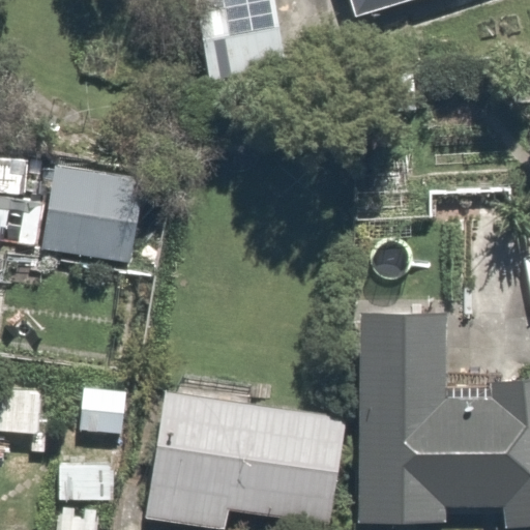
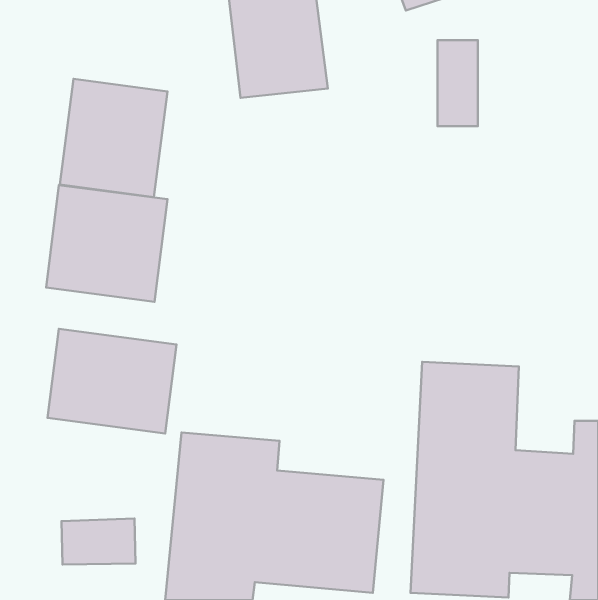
building: none -> [60,79,167,197]
building: none -> [47,329,177,433]

